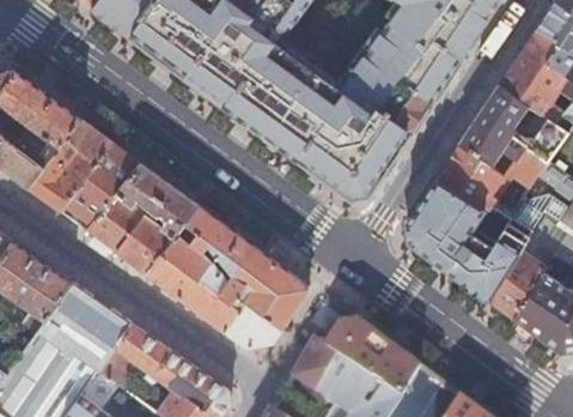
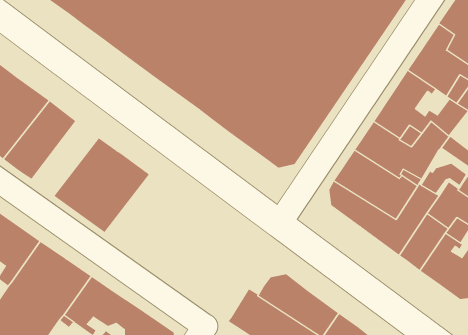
building: [62,143,140,230] -> none
building: [147,205,309,346] -> none

